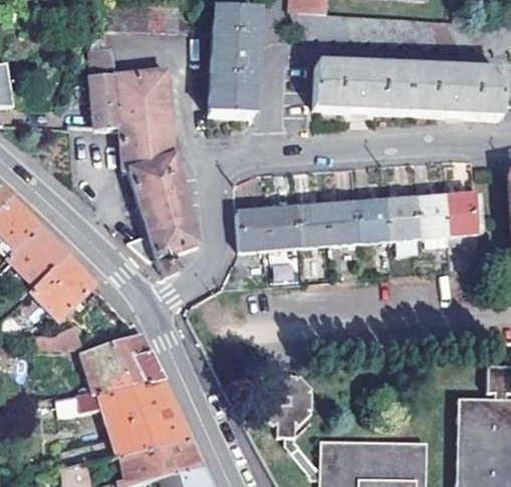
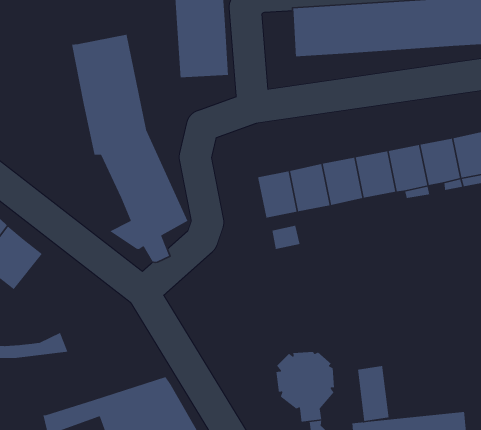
building: [91,45,118,125] -> none
building: [235,209,269,250] -> none
building: [31,254,94,317] -> none
building: [84,330,163,390] -> none
building: none -> [357,365,389,422]

